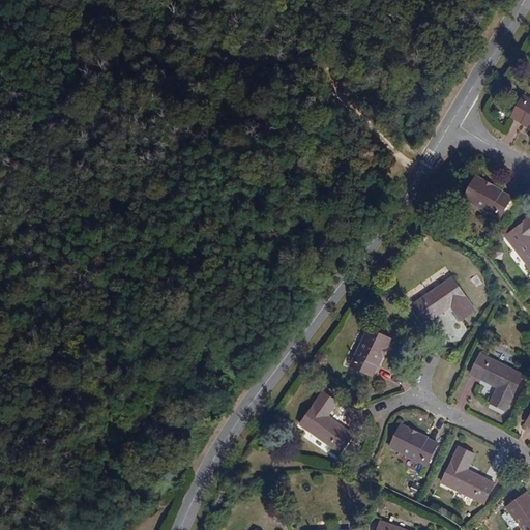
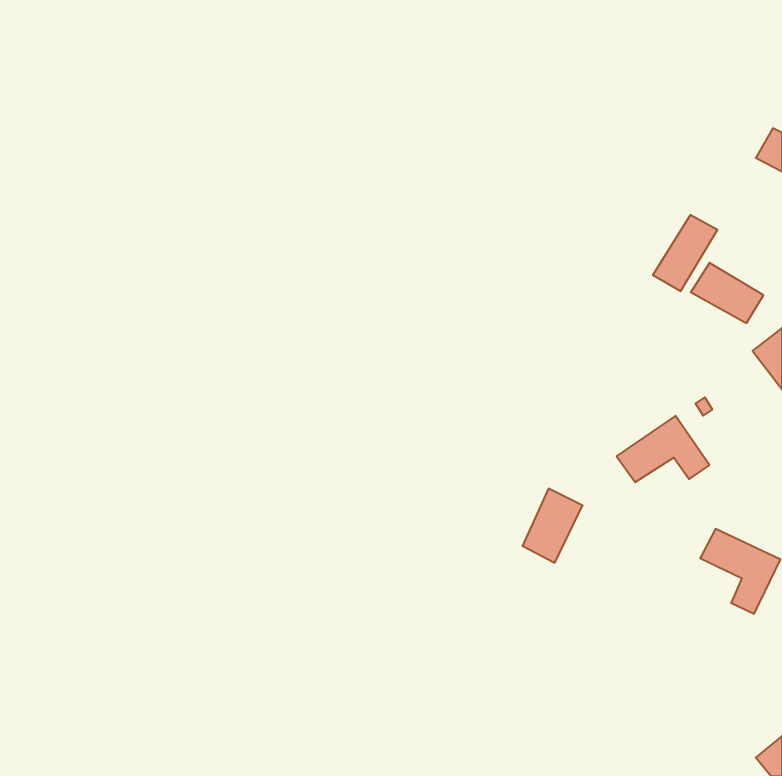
building: none -> [653,215,717,291]
building: [298,391,351,451] -> none
building: [389,425,438,466] -> none
building: [441,446,494,503] -> none

